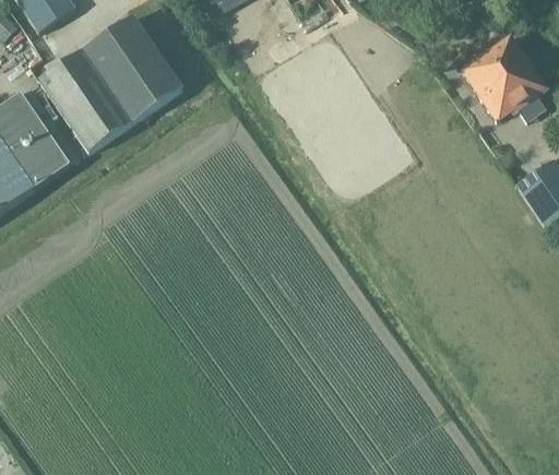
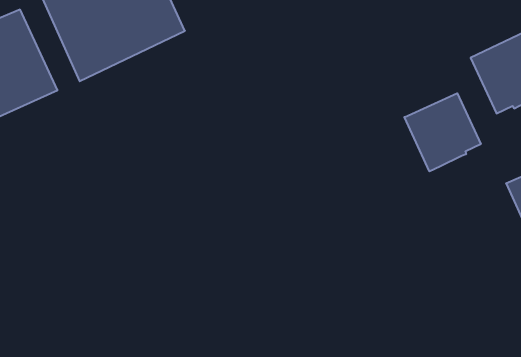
building: none -> [404,93,481,171]

